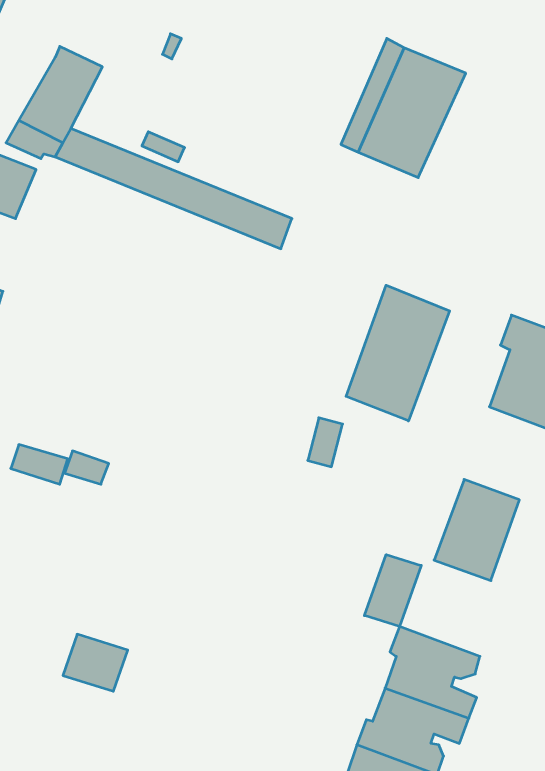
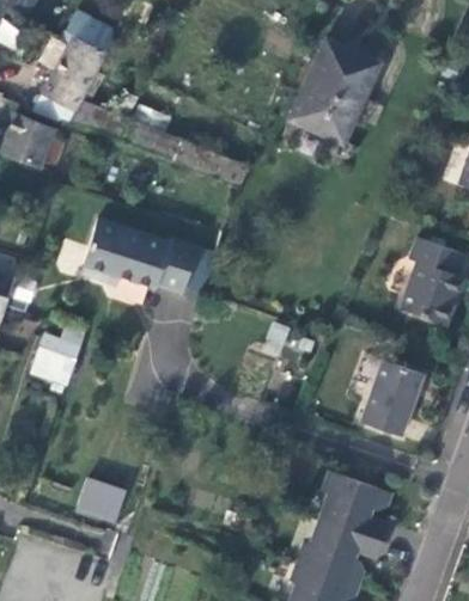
building: none -> [62,11,115,51]
building: none -> [77,215,193,290]
building: [346,285,450,421] -> none
building: [364,555,421,626] -> none

